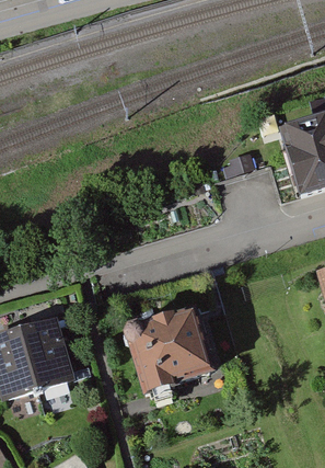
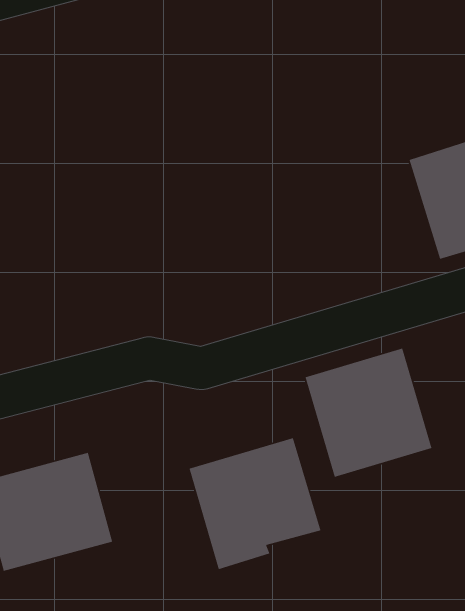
building: none -> [304,347,432,478]

